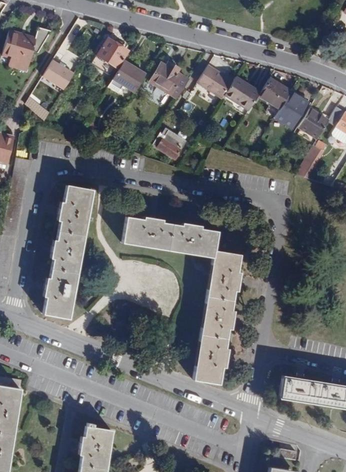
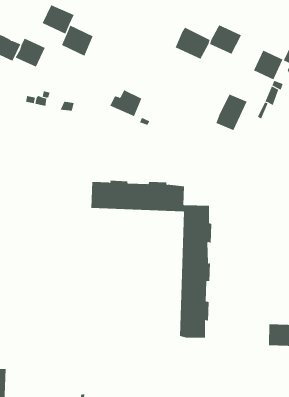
building: [151,61,190,98] -> none
building: [197,65,234,98] -> none
building: none -> [15,38,46,68]
building: [275,91,309,128] -> [215,94,248,131]
building: [43,185,93,318] -> none

